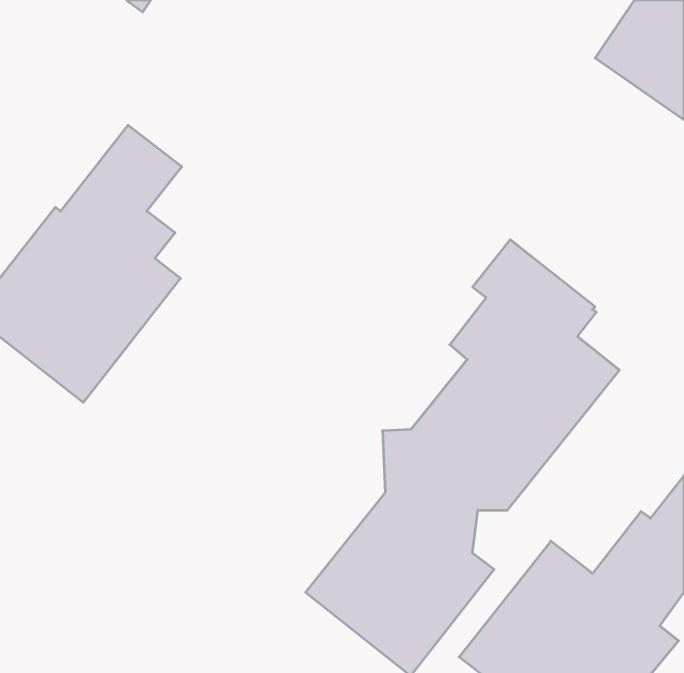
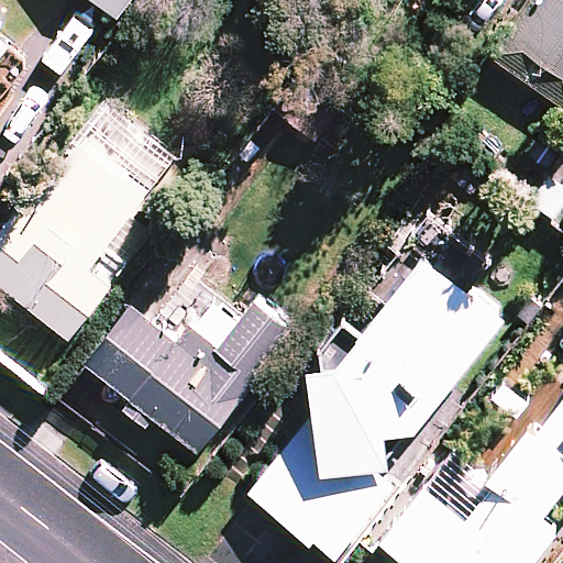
building: none -> [92,295,303,457]

